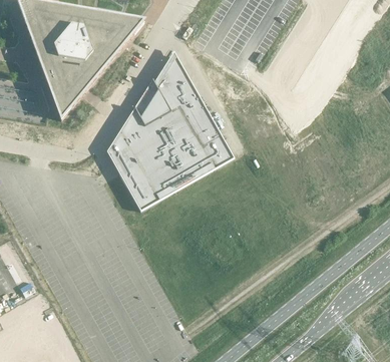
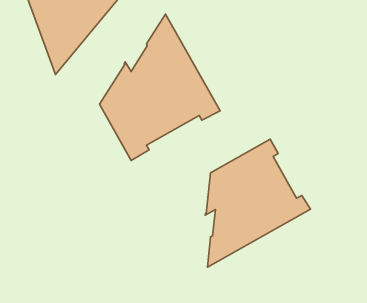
building: none -> [205,139,310,267]

